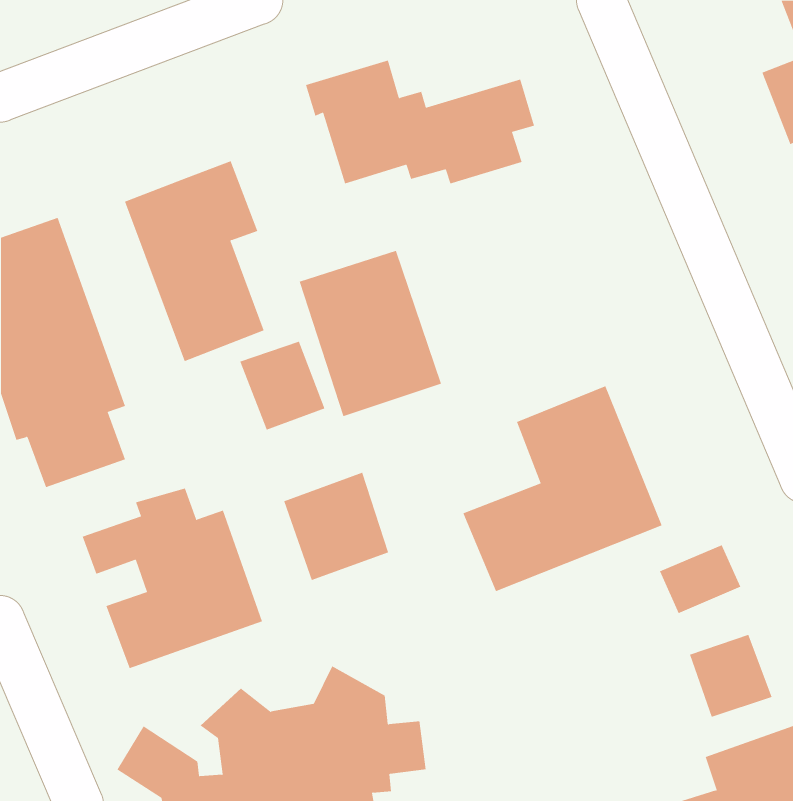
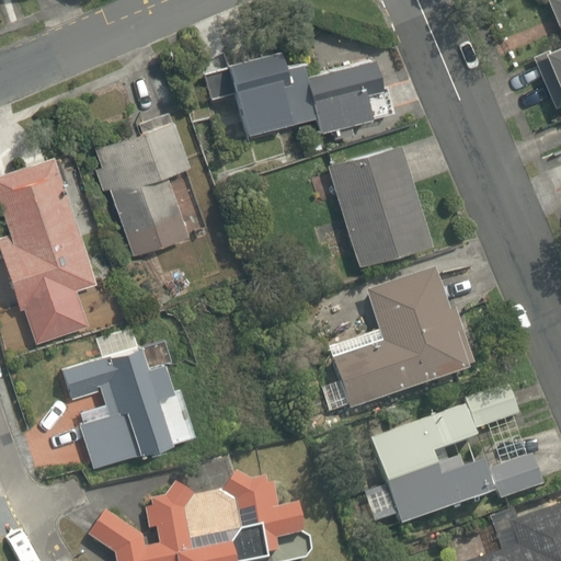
building: [299,250,442,417] -> [327,145,426,261]
building: [240,341,325,431] -> none
building: [283,472,389,581] -> none
building: none -> [367,405,492,526]

